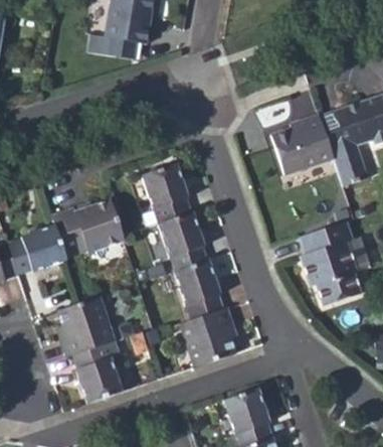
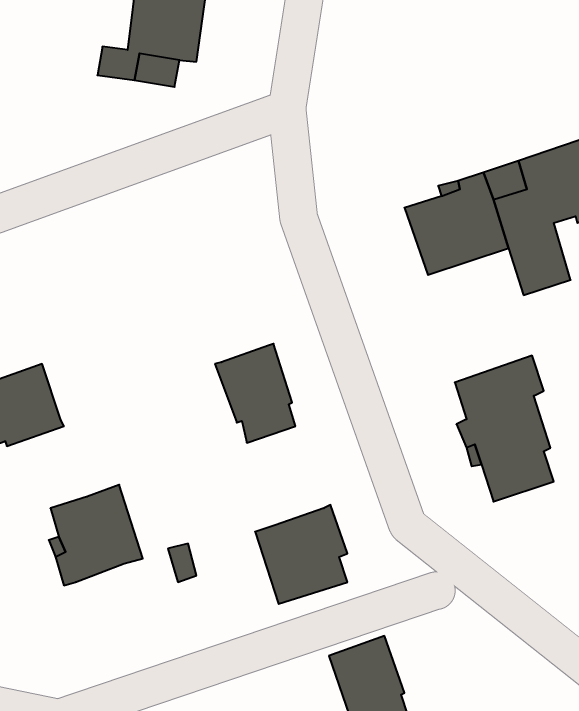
building: [143,165,190,224] -> none
building: [52,200,125,258] -> none
building: [175,261,223,321] -> none
building: [74,344,123,404] -> none

